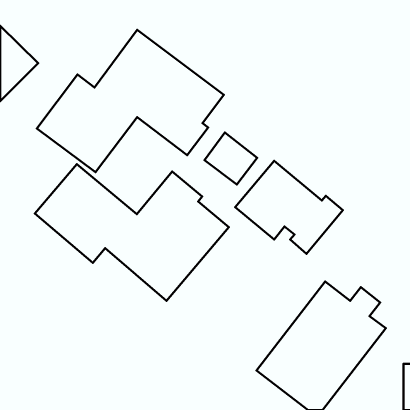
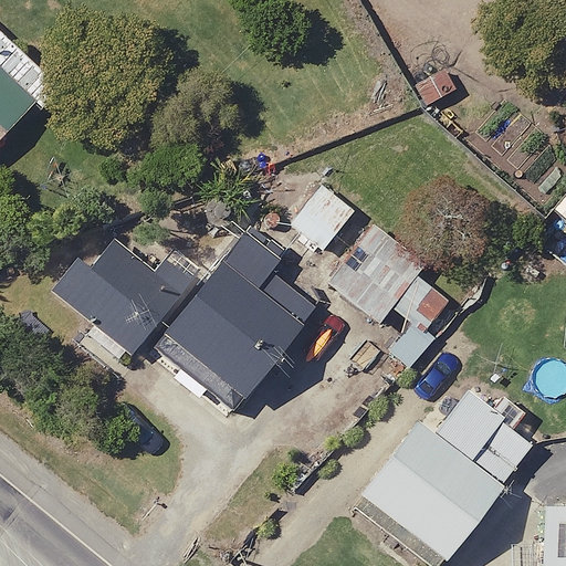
building: [37,30,224,172] -> none

